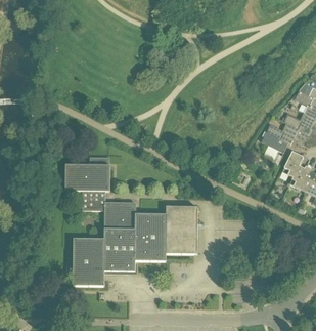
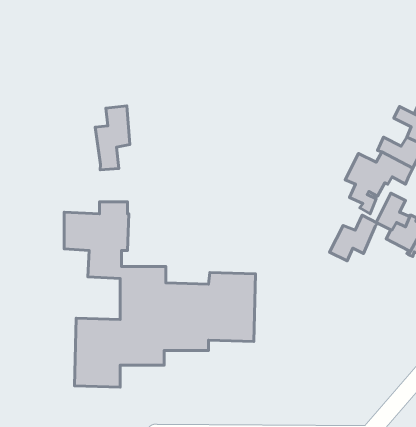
building: none -> [95,106,130,170]
building: none -> [329,215,377,261]

